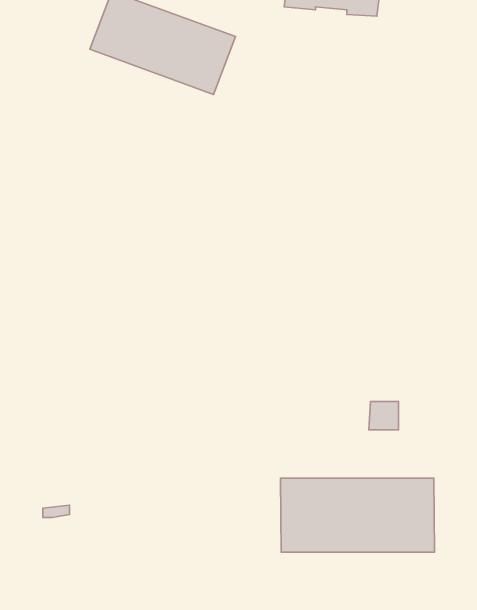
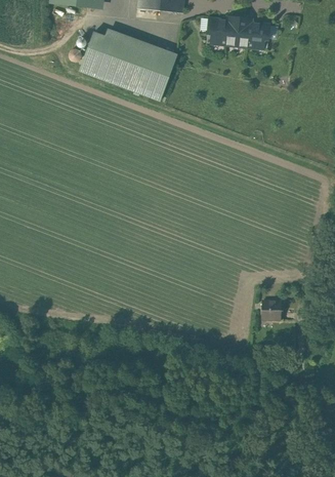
building: [281,478,434,552] -> none

